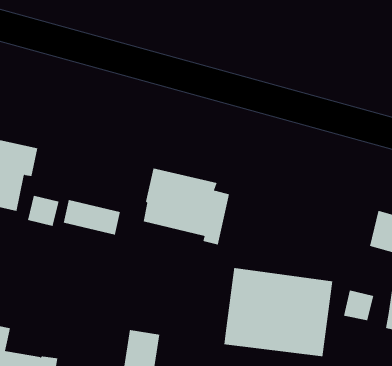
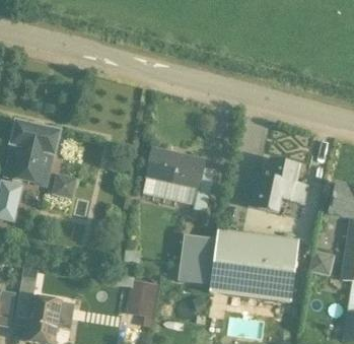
building: none -> [247,160,305,212]
building: [63,199,120,235] -> none
building: none -> [179,233,217,283]

